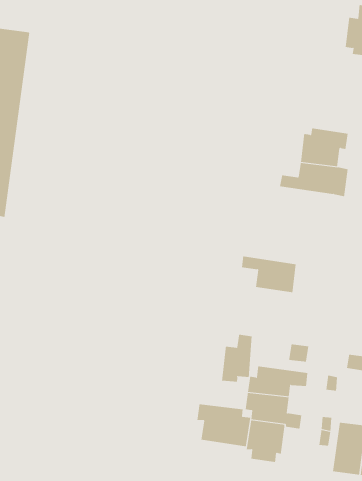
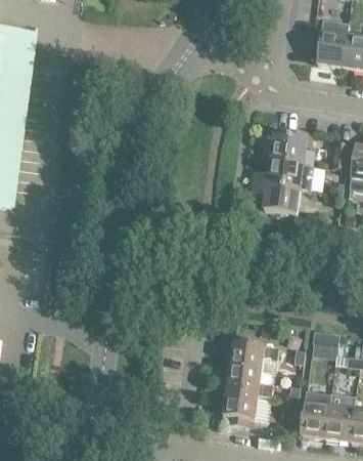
building: [241,256,297,293] -> [252,180,301,213]
building: [222,334,252,382] -> none
building: [197,404,251,447] -> none

